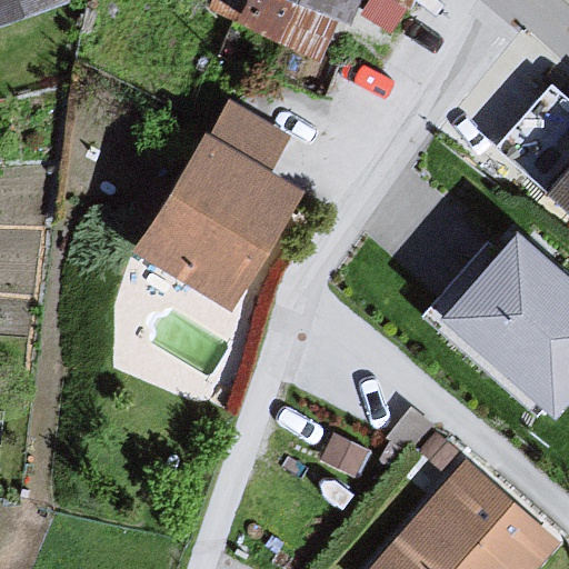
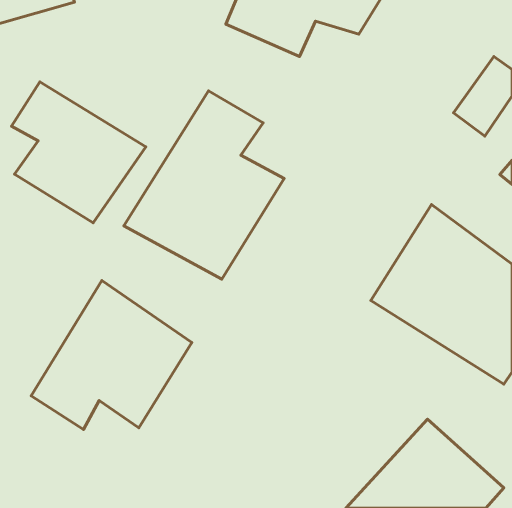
building: none -> [11,82,146,223]
building: none -> [31,281,192,429]

